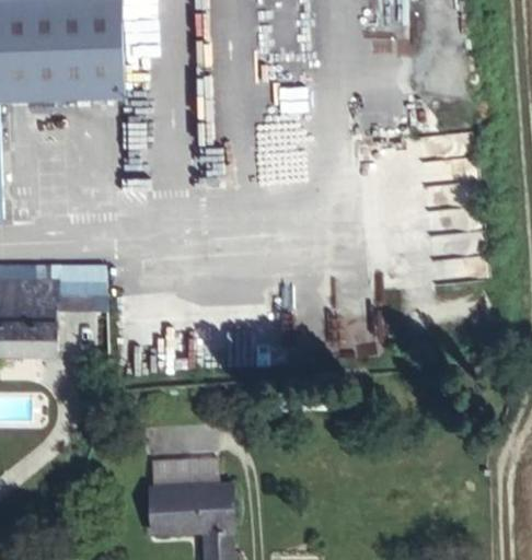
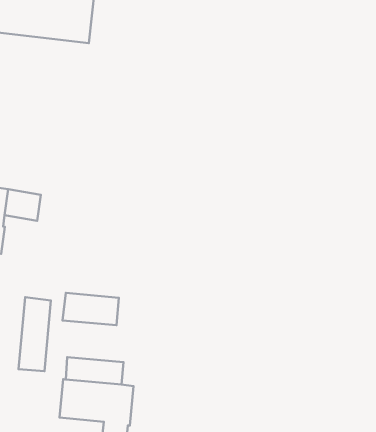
building: none -> [62,293,119,325]
building: none -> [19,297,51,371]

